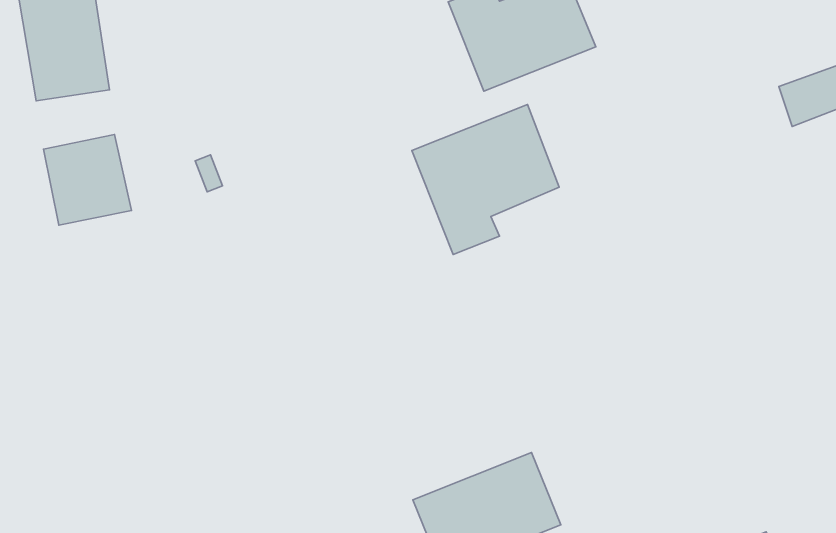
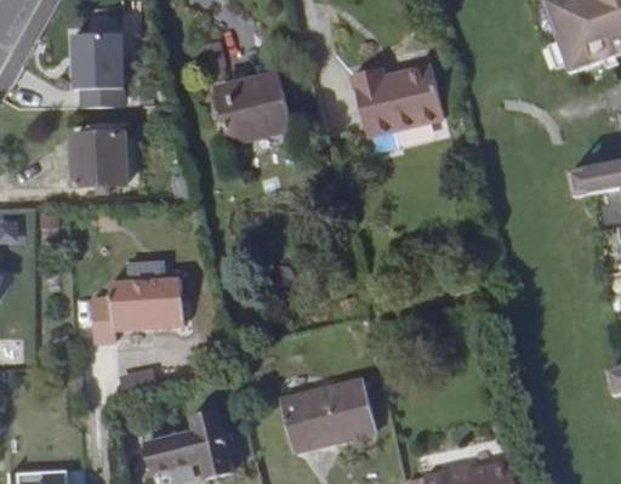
building: none -> [222,78,297,143]
building: [412,105,559,255] -> none
building: none -> [92,271,183,336]

